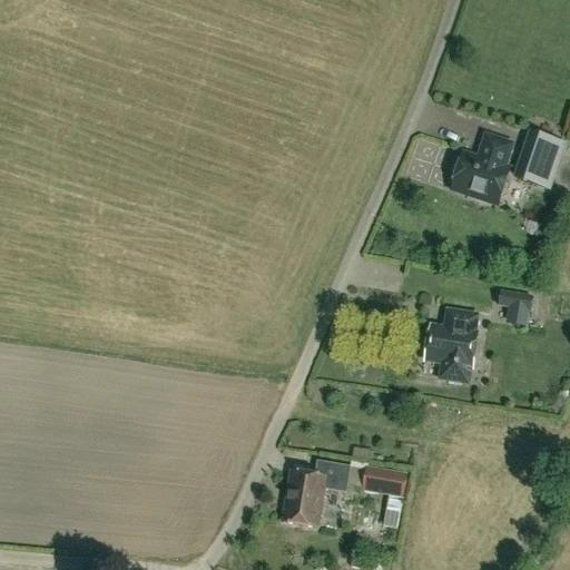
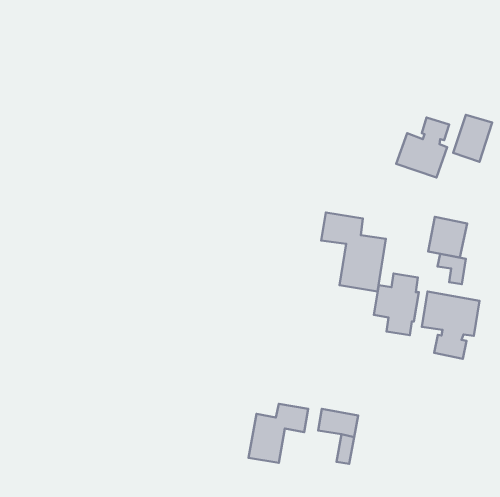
building: none -> [321,212,386,292]
building: none -> [428,217,467,258]
building: none -> [422,292,480,359]

